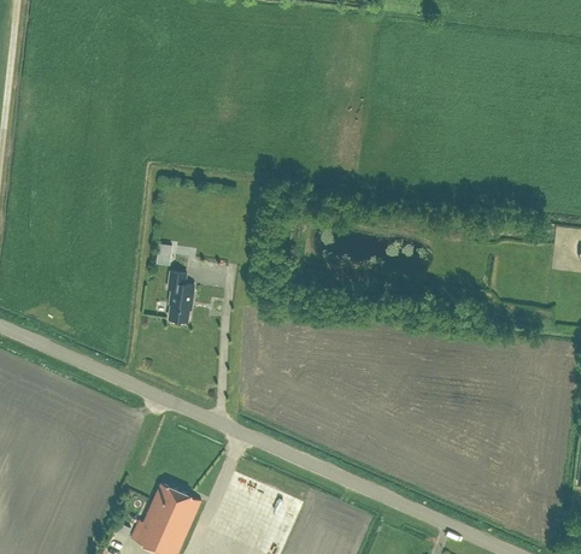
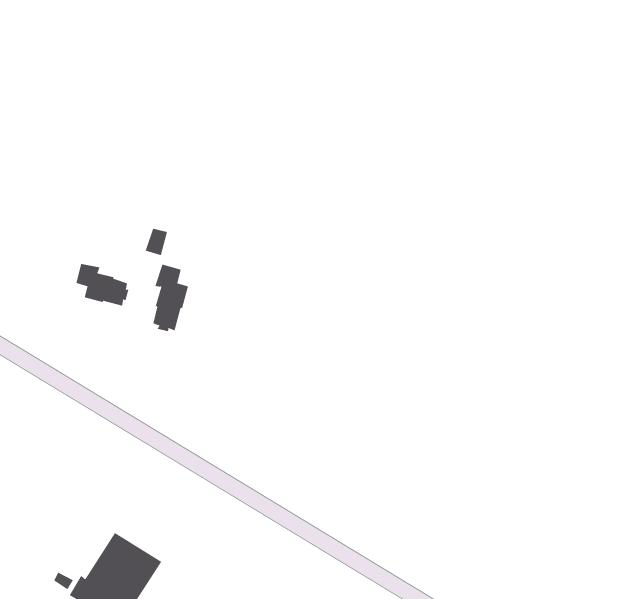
building: none -> [76,263,129,307]

